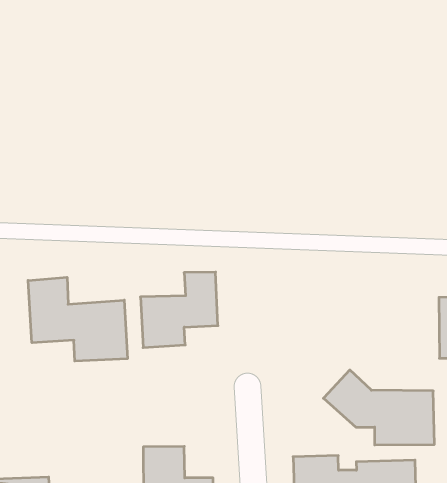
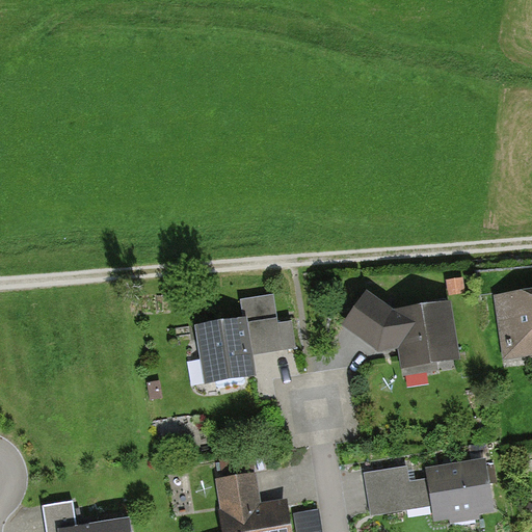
building: [28,277,127,361] -> none
building: [323,370,434,445] -> [345,297,460,369]

